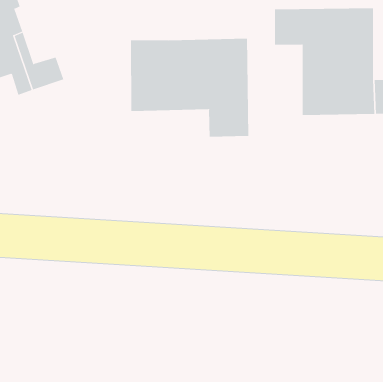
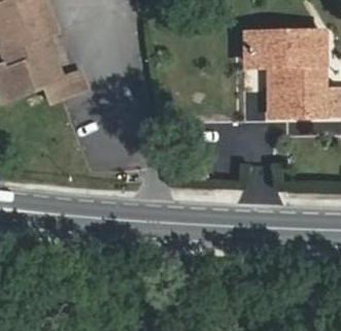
building: [130,38,249,137] -> none

